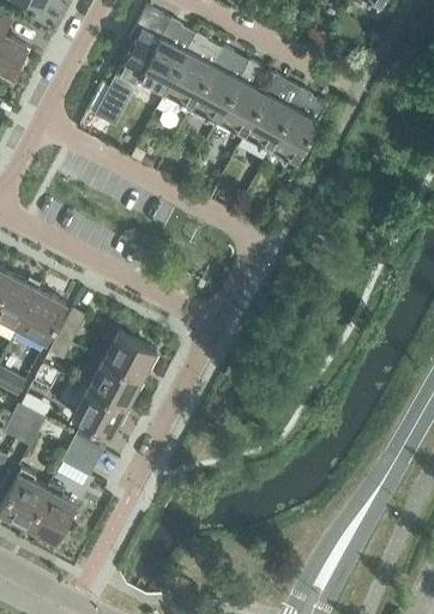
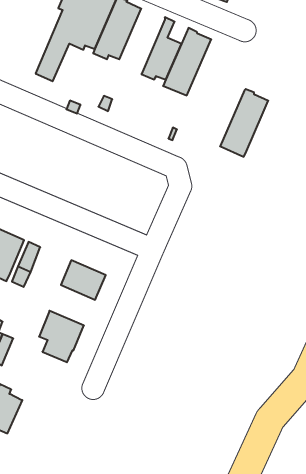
building: [189,46,249,126] -> none
building: [267,89,327,167] -> [220,89,268,157]
building: [89,360,143,409] -> none
building: [62,435,104,476] -> none
building: [29,483,77,542] -> none

